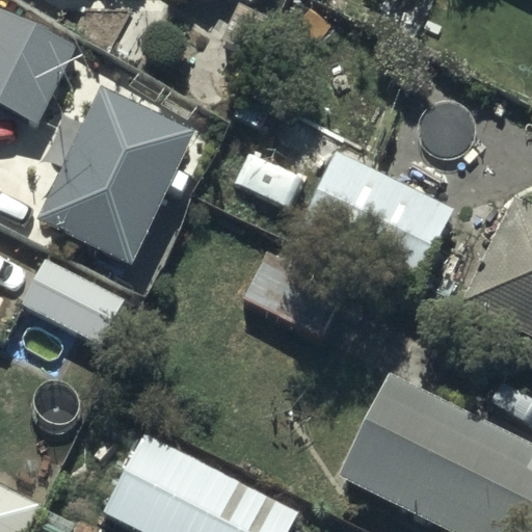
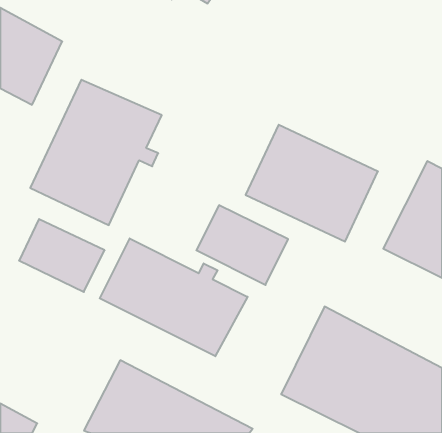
building: none -> [100,238,248,356]

